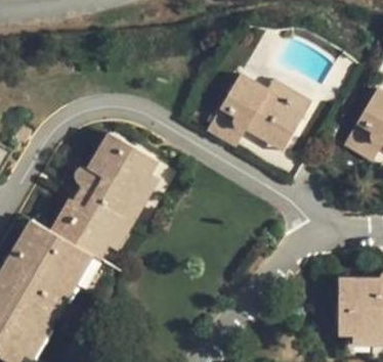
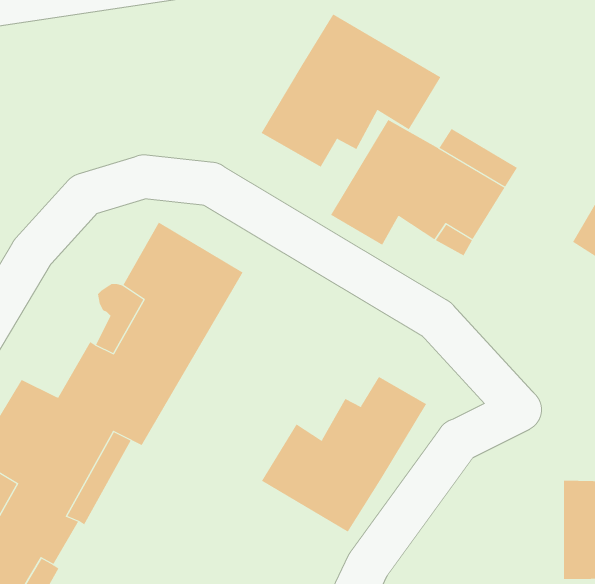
building: none -> [261,14,441,167]
building: none -> [261,376,427,533]

